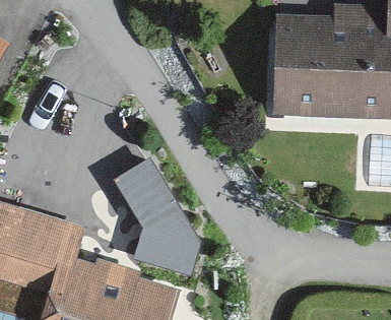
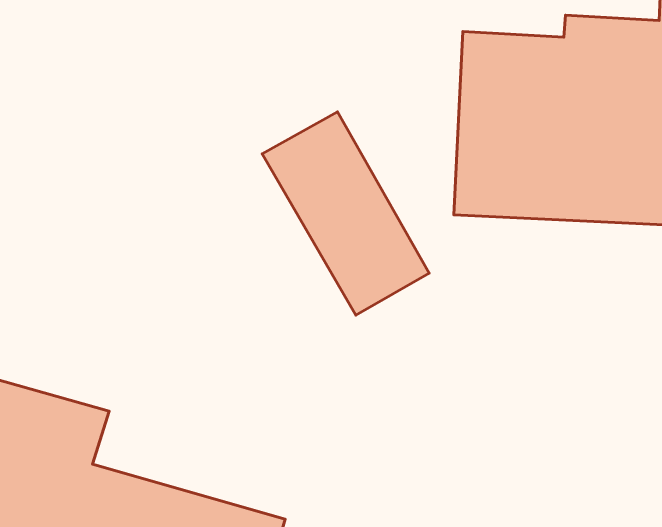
building: [116,156,208,269] -> [262,112,429,315]

